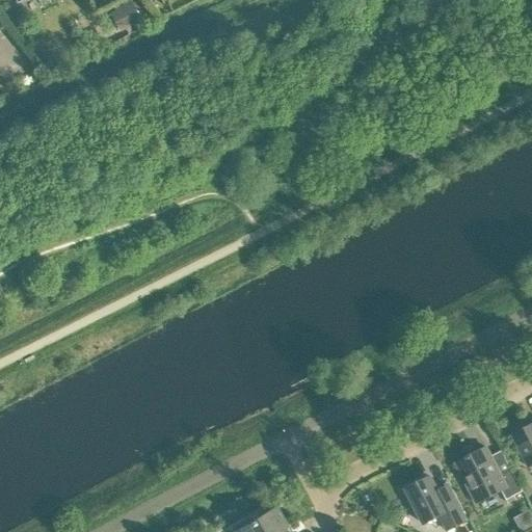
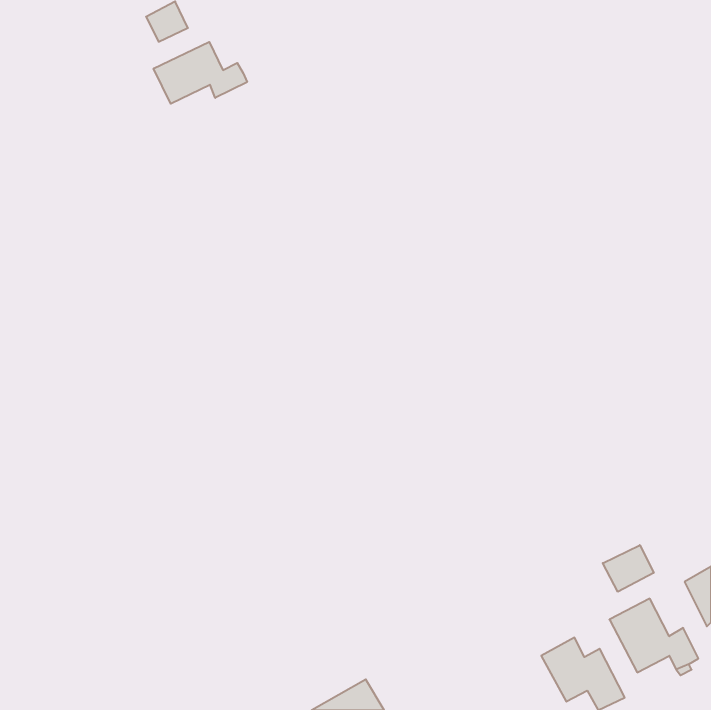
building: none -> [154,42,247,104]
building: none -> [603,545,654,592]

